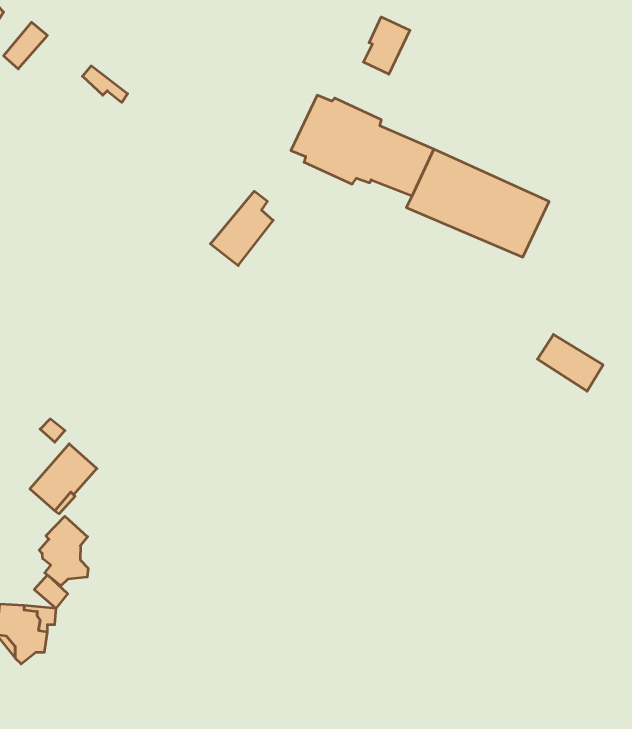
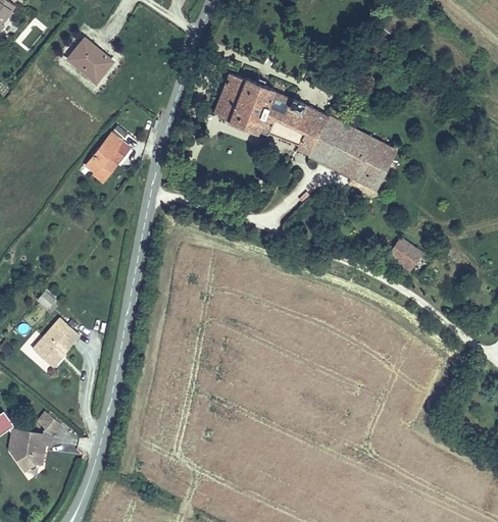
building: [363,17,410,74] -> none
building: none -> [73,42,112,73]
building: [210,191,273,266] -> [87,127,131,179]
building: [39,516,88,586] -> none

